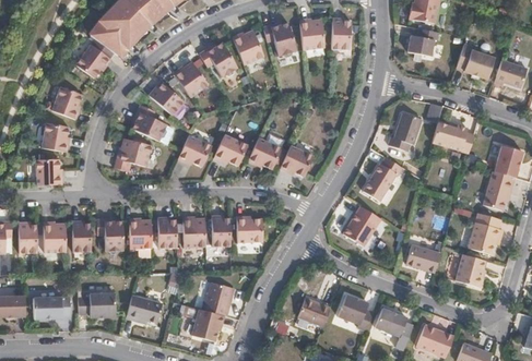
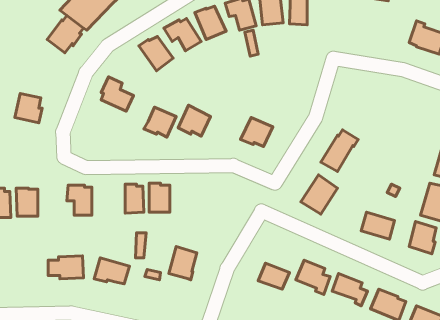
building: [407,29,438,58] -> none
building: [147,82,182,113] -> none
building: [52,86,83,119] -> none
building: [392,116,422,153] -> none
building: [431,124,473,154] -> none
building: [117,137,151,166] -> none
building: [246,137,280,169] -> none
building: [37,158,62,183] -> none
building: [211,214,229,245] -> none
building: [236,215,262,241] -> none
building: [129,216,152,246] -> none
building: [72,219,91,250] -> none
building: [31,294,68,317] -> none
building: [191,309,224,341] -> none

